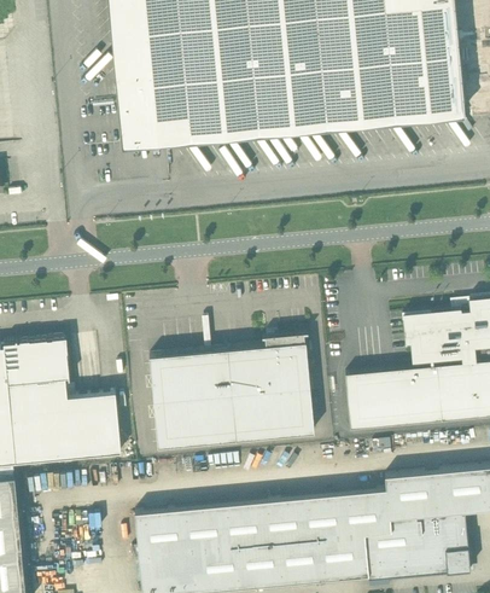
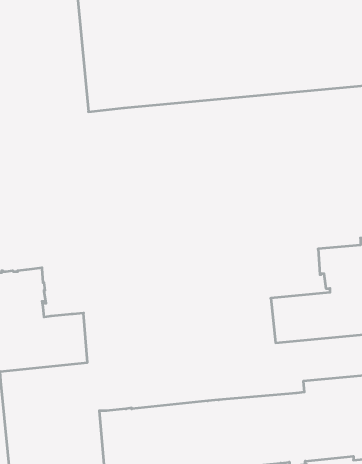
building: [150,333,314,448] -> none

